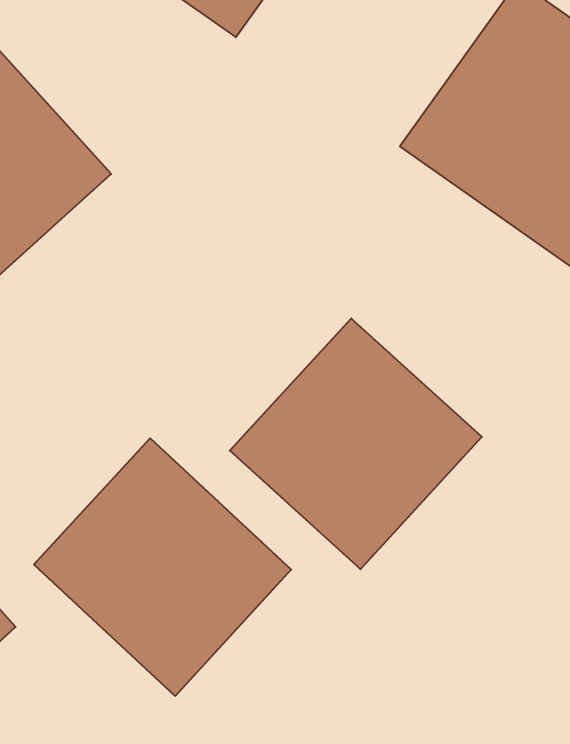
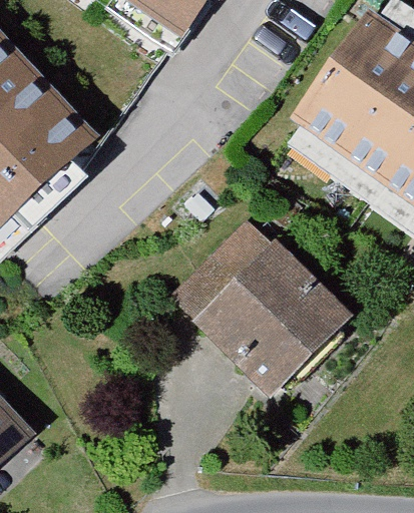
building: [34,438,291,696] -> none

